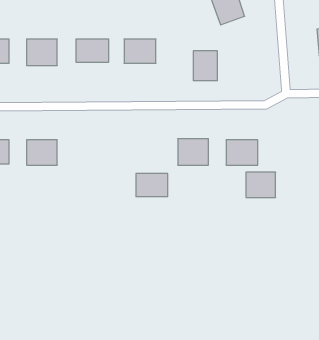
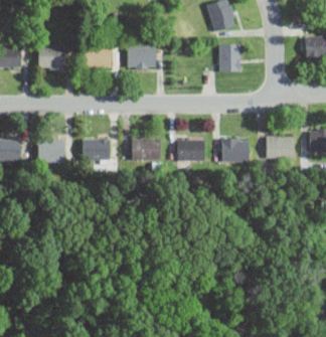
building: [193,51,217,81] -> [220,44,242,71]
building: none -> [83,139,111,160]
building: [246,172,276,197] -> [268,136,295,159]
building: [136,174,168,197] -> [132,139,161,160]

